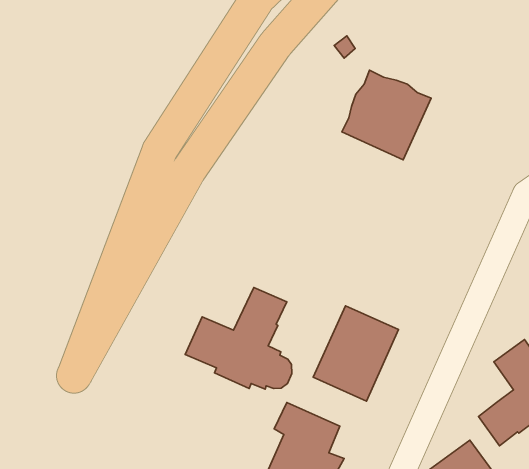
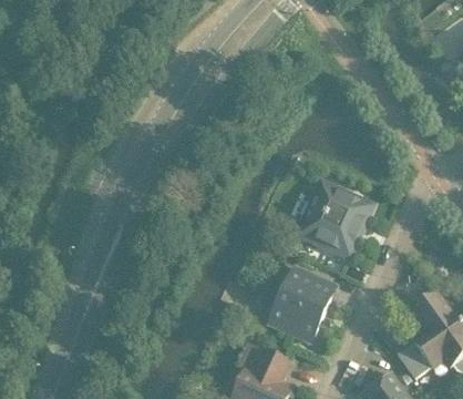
building: [342,70,431,160] -> [299,184,370,255]
building: [185,287,292,389] -> none

